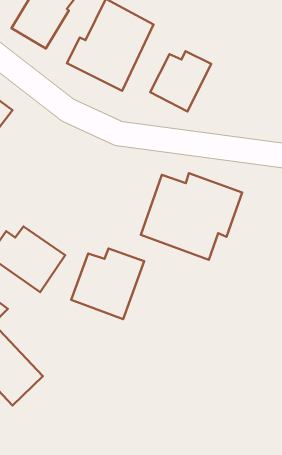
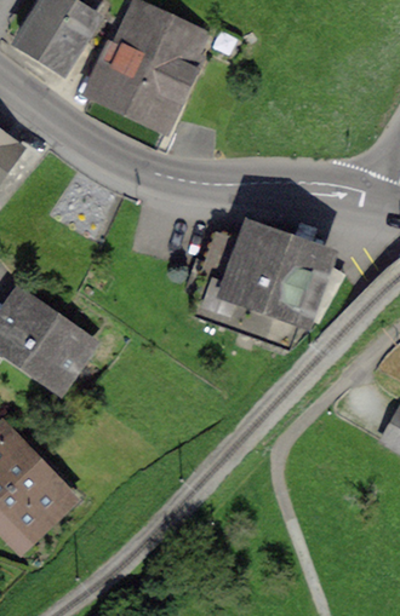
building: [150,51,211,111] -> none
building: [71,248,144,319] -> none

